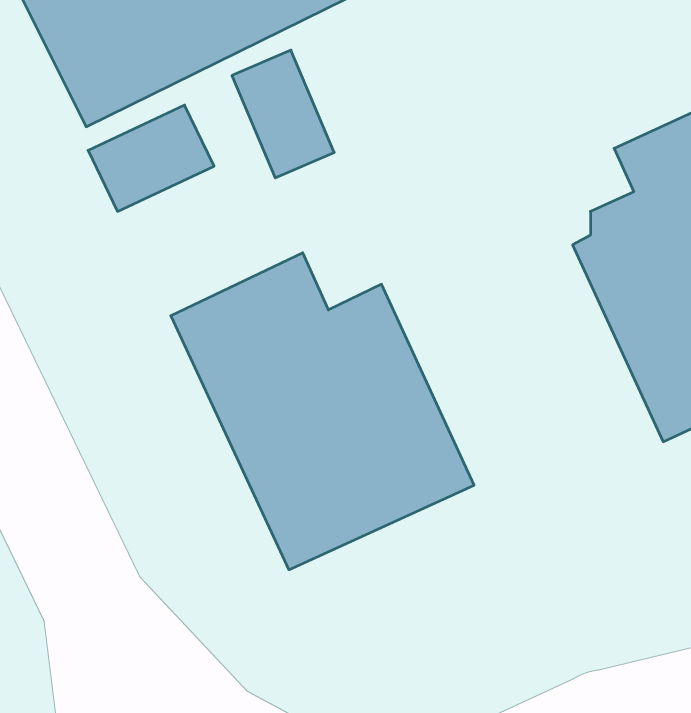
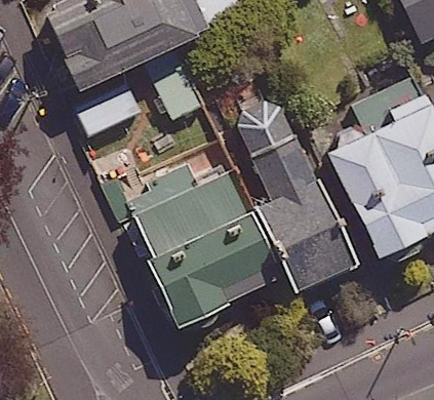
building: none -> [235,97,352,290]

